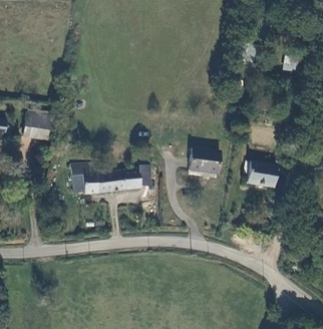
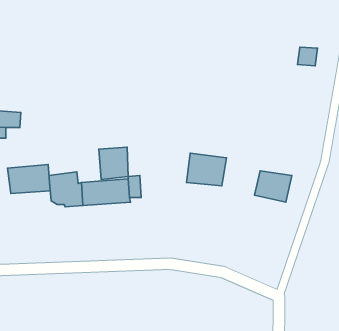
building: none -> [99,147,128,179]
building: none -> [7,165,50,193]

